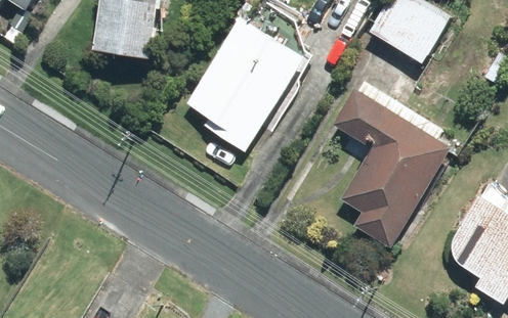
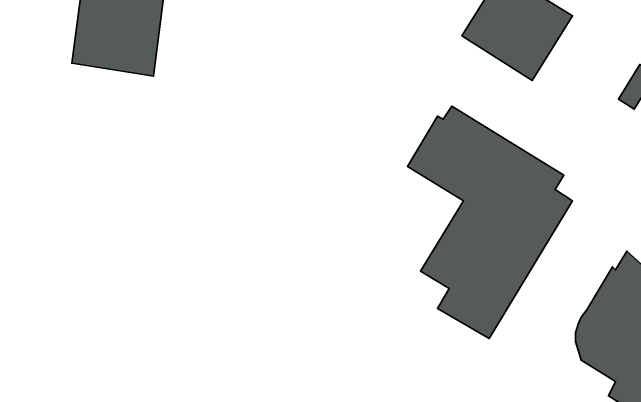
building: [187,19,304,152] -> none

